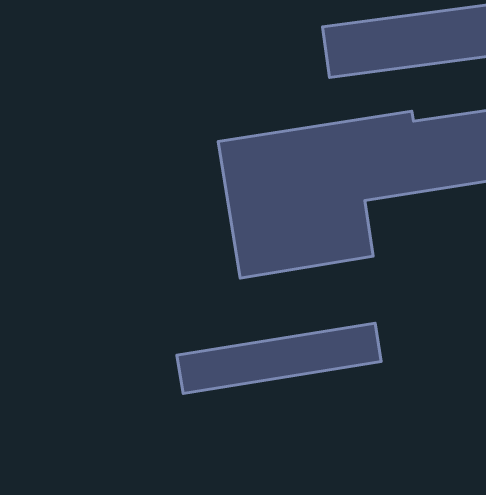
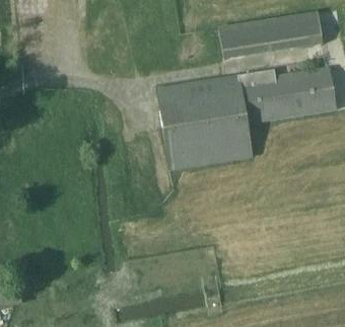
building: [177,323,381,393] -> none

